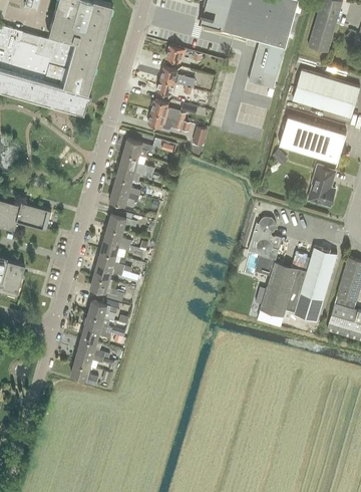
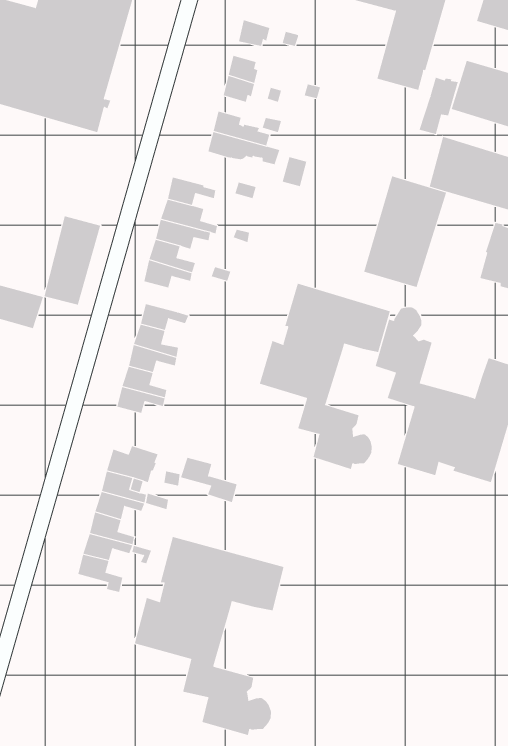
building: none -> [419,77,459,135]
building: none -> [364,176,447,288]
building: none -> [44,215,101,306]
building: none -> [259,283,391,470]
building: [89,276,123,303] -> [180,457,238,503]
building: none -> [134,536,284,736]

